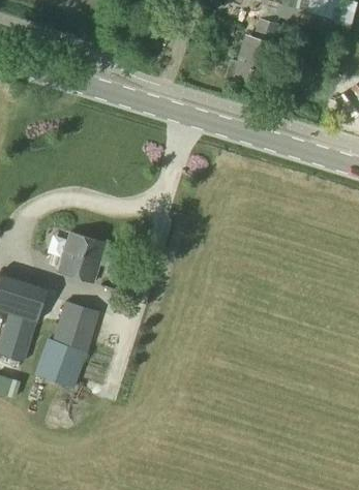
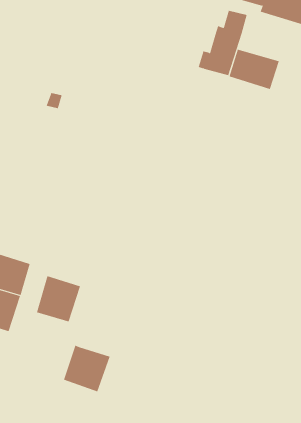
building: none -> [229,49,279,90]
building: [58,232,111,283] -> none
building: [35,337,86,388] -> [63,345,111,392]

